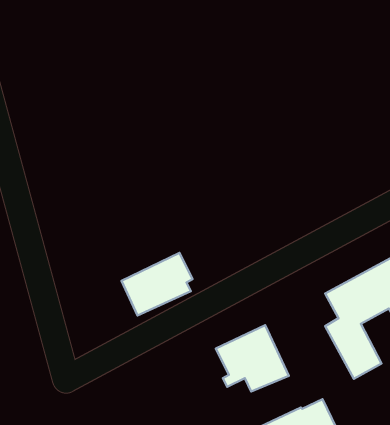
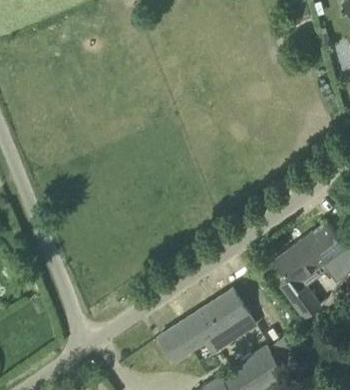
building: [121,253,193,316] -> [158,312,211,362]

